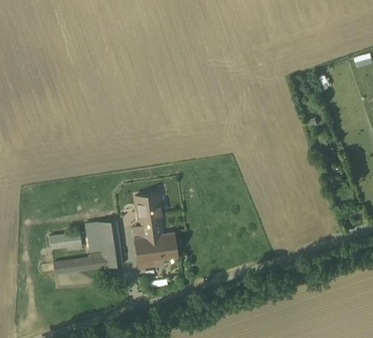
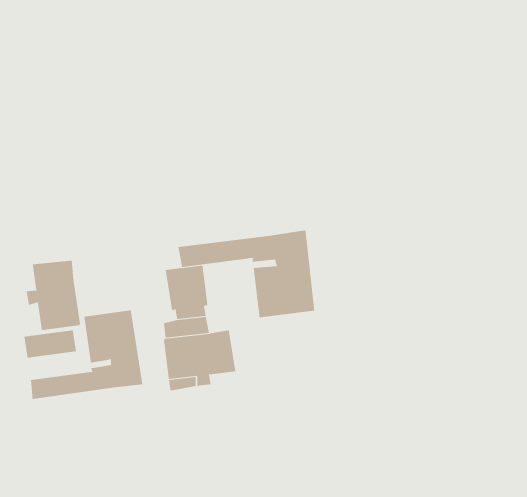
building: none -> [178,230,315,318]
building: none -> [26,260,81,331]

